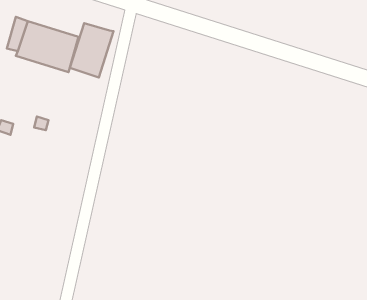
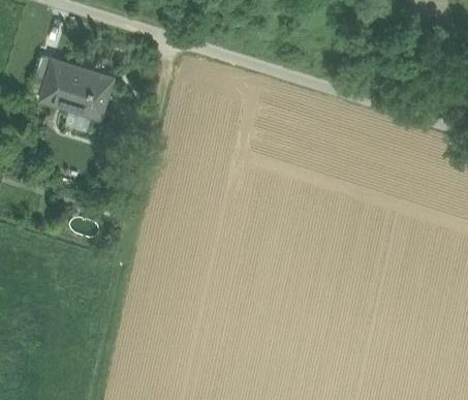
building: [70,23,113,78] -> none

